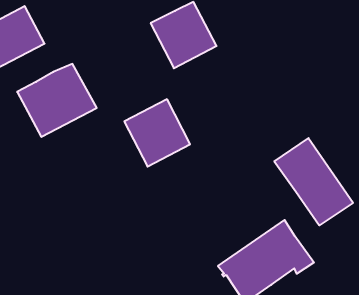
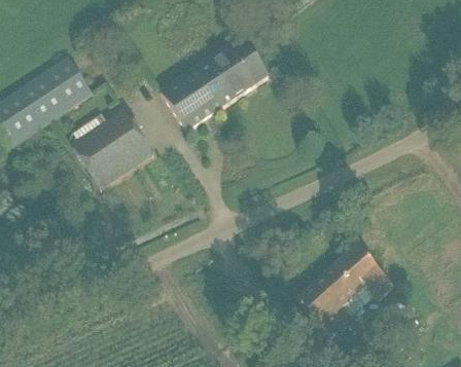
building: [124,99,190,167] -> [157,59,227,130]
building: [274,138,353,225] -> none

